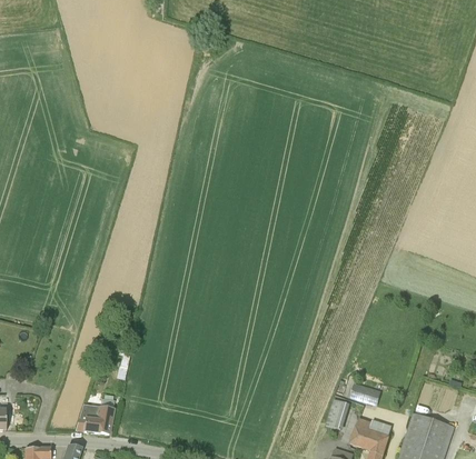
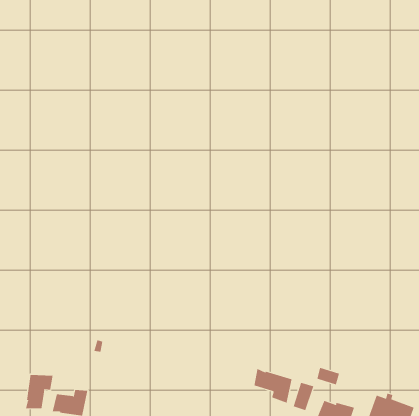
building: none -> [254,368,292,403]
building: none -> [26,374,53,409]

